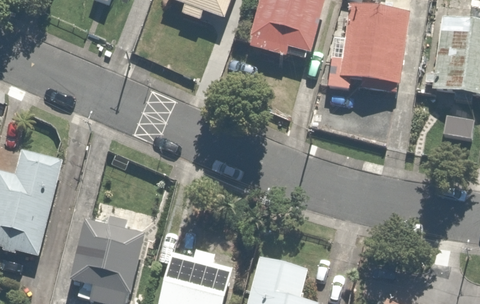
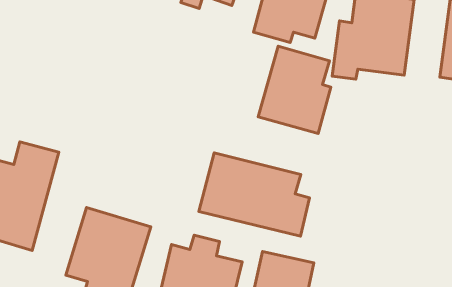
building: none -> [258,46,331,133]
building: none -> [199,153,310,236]

